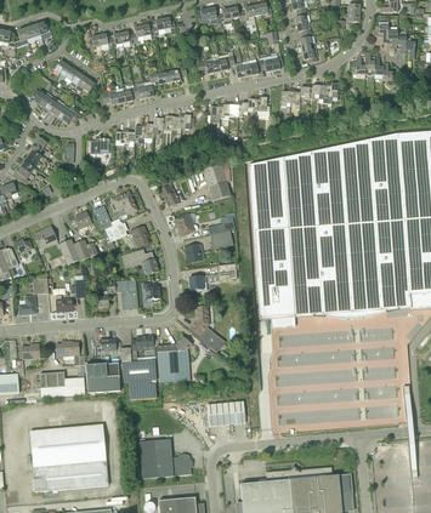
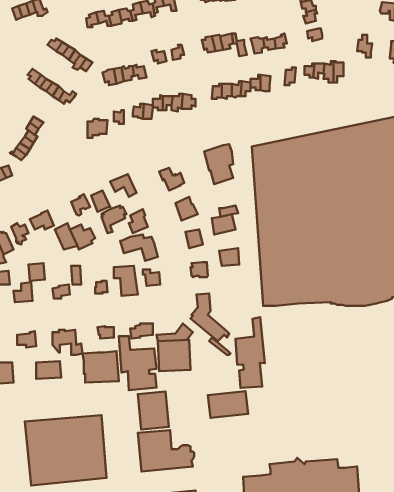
building: none -> [236,317,265,388]
building: none -> [138,392,169,430]

